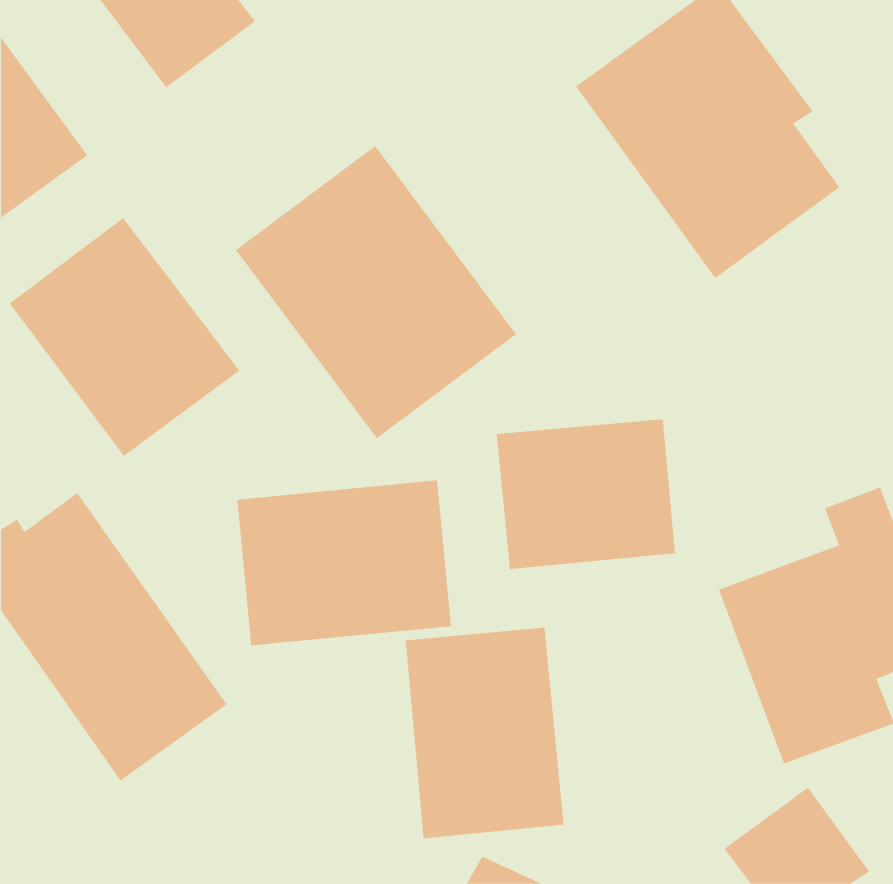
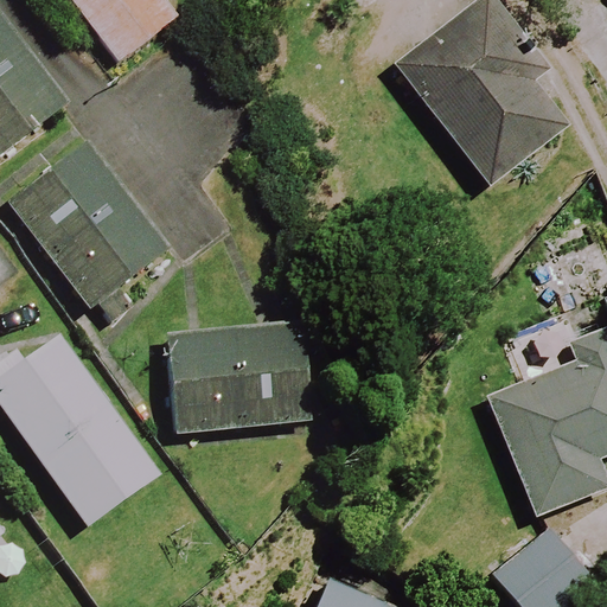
building: [235,145,517,439] -> none
building: [496,419,676,570] -> none
building: [405,627,564,839] -> none

